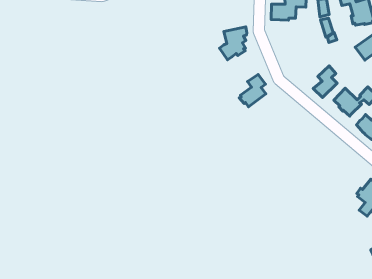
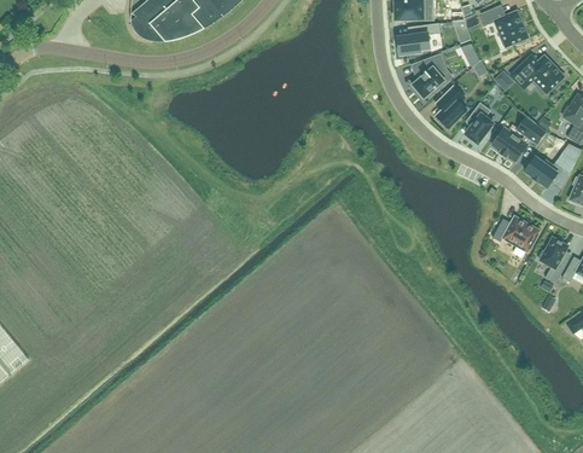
building: [219,27,247,60] -> [412,53,444,98]
building: [239,74,266,107] -> [435,86,467,128]
building: none -> [492,215,540,256]

